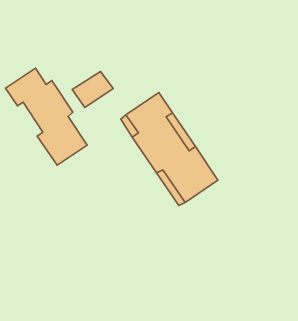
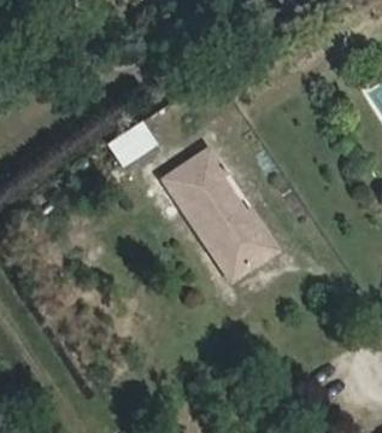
building: [6,68,87,165] -> none

